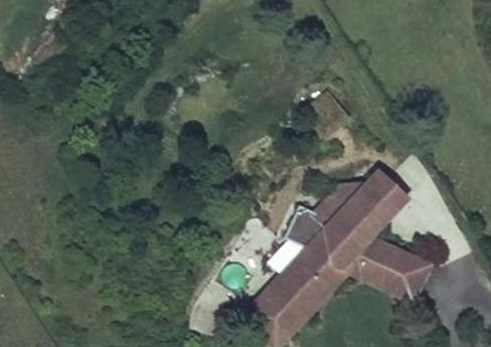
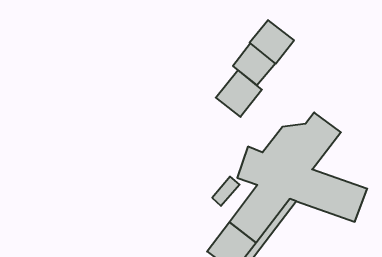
building: none -> [250,20,294,64]
building: none -> [216,70,262,117]

